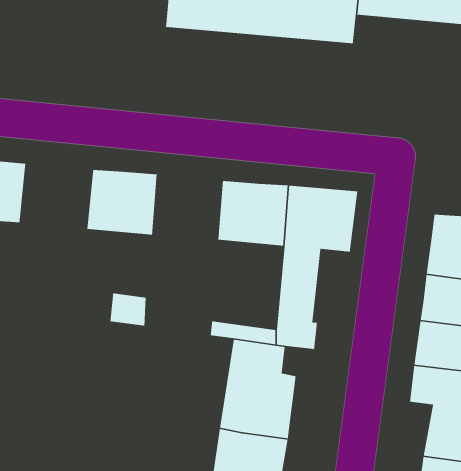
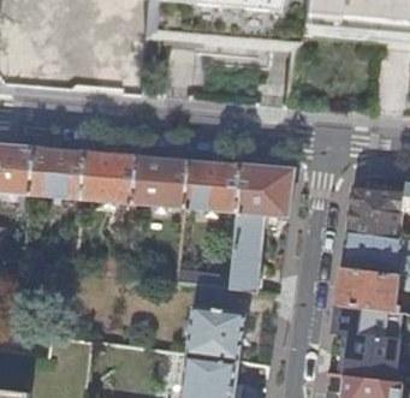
building: none -> [32,145,89,197]
building: none -> [136,154,190,206]

